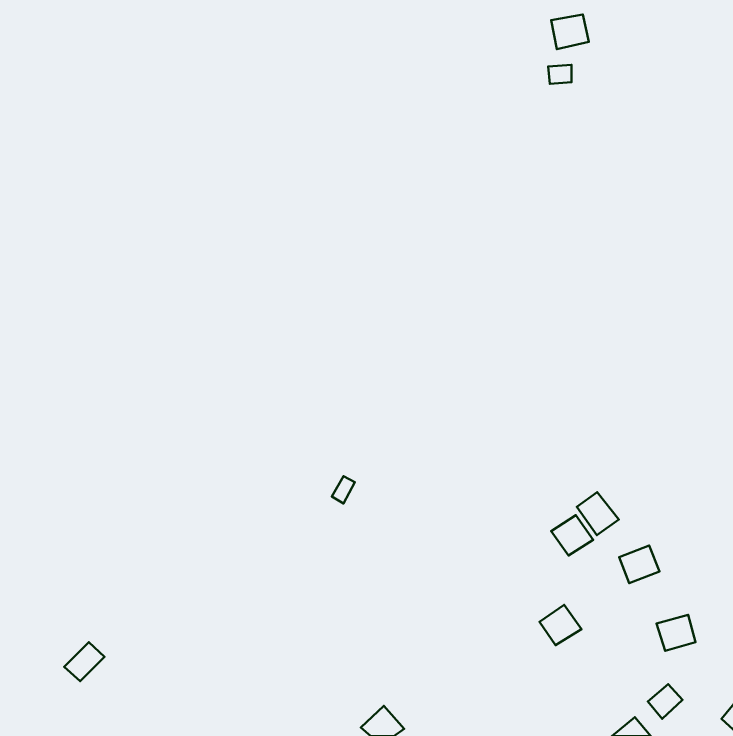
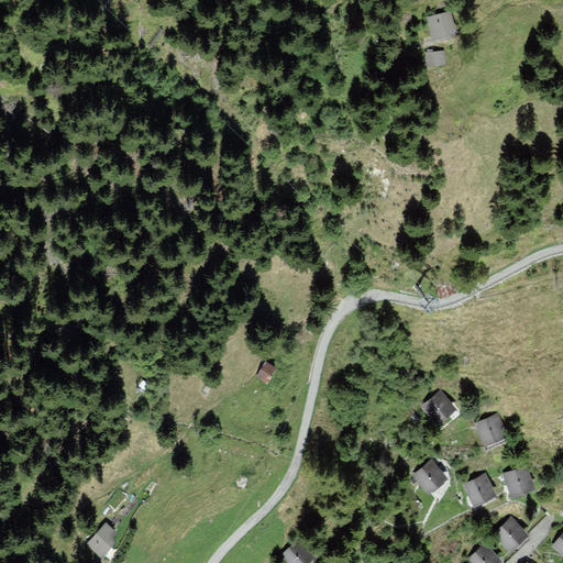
building: [577,492,619,535] -> none
building: none -> [464,475,495,505]
building: [64,642,105,681] -> [87,525,118,554]

